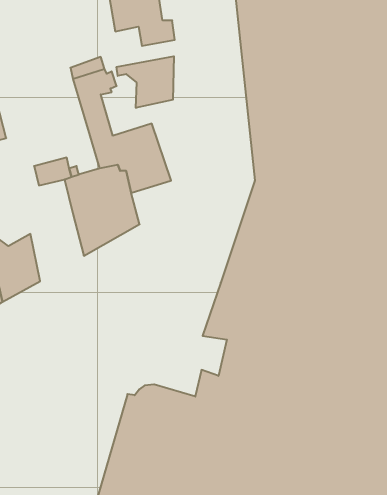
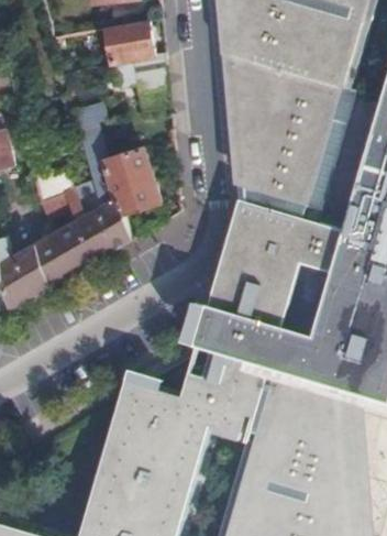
building: [117,56,174,108] -> none
building: none -> [32,230,80,292]

